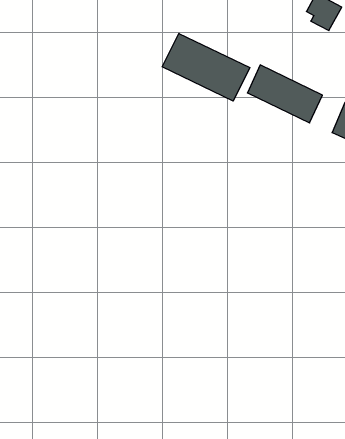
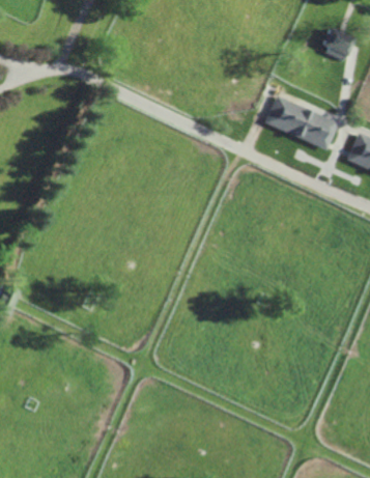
building: [162,33,250,101] -> none

